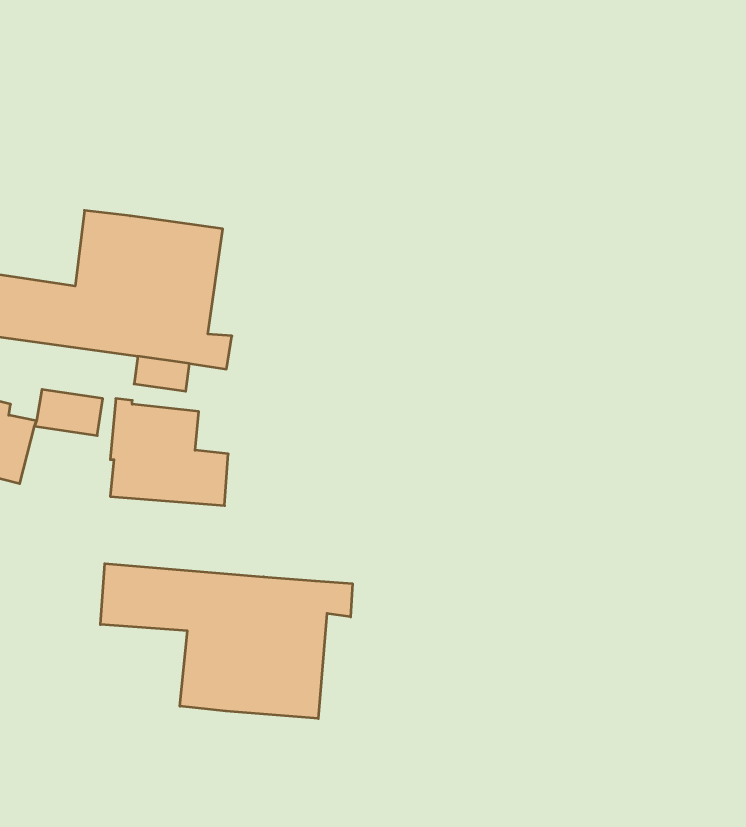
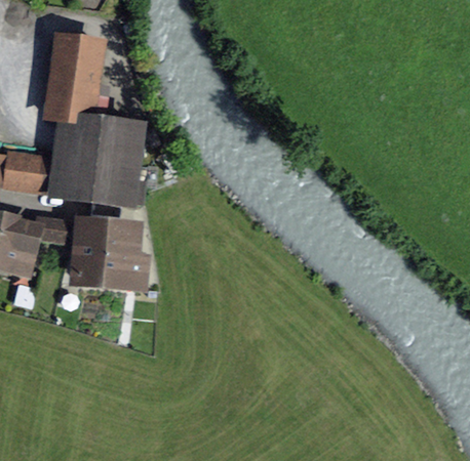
building: none -> [47,31,100,121]
building: [100,564,352,719] -> none

